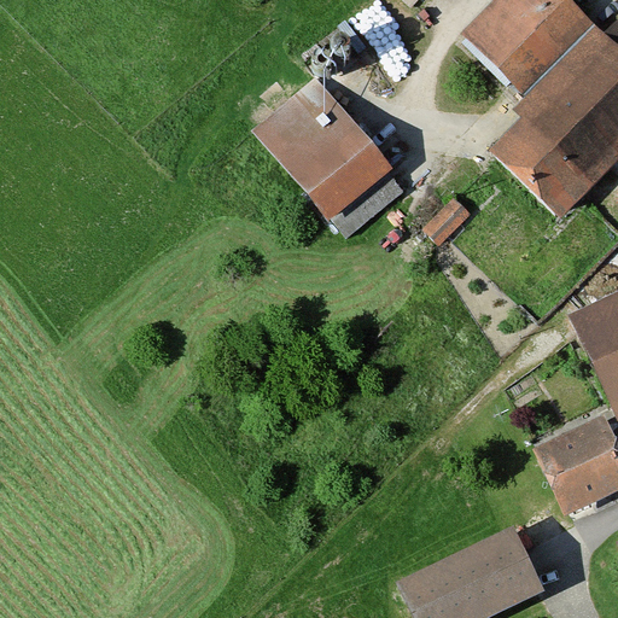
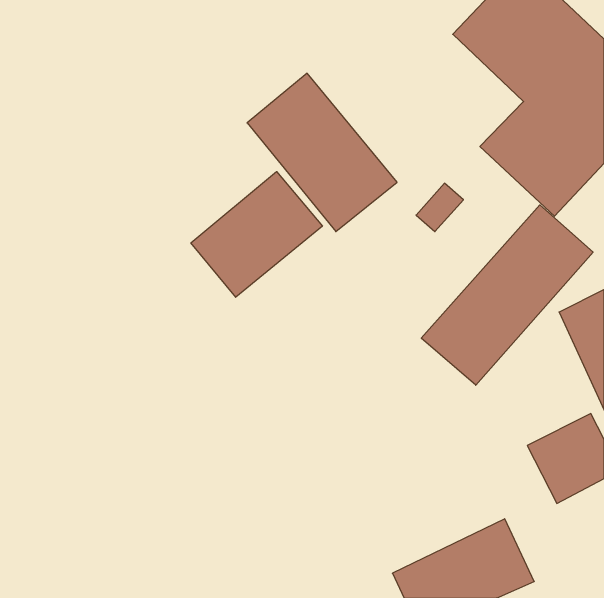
building: none -> [191,172,322,297]
building: none -> [421,205,593,385]

